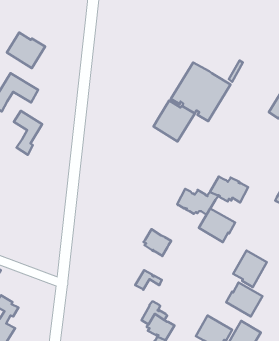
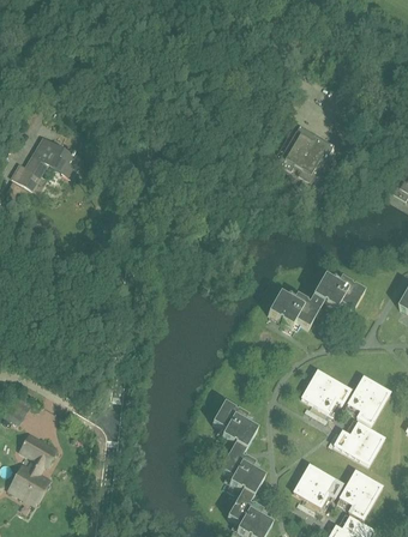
building: [7,32,45,68] -> none
building: [153,100,195,142] -> none
building: [14,111,42,155] -> none
building: [199,208,235,242] -> [301,369,350,415]
building: [143,229,171,256] -> [221,414,258,449]

